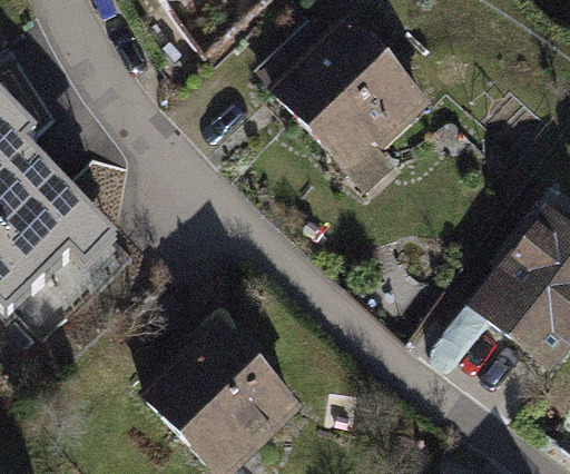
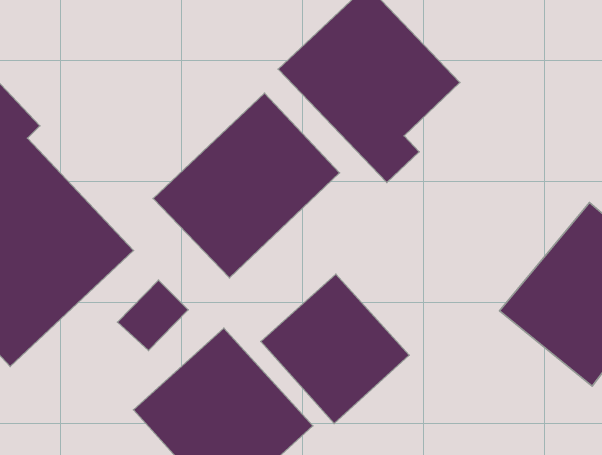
building: none -> [153,93,340,278]
building: none -> [261,274,409,423]

